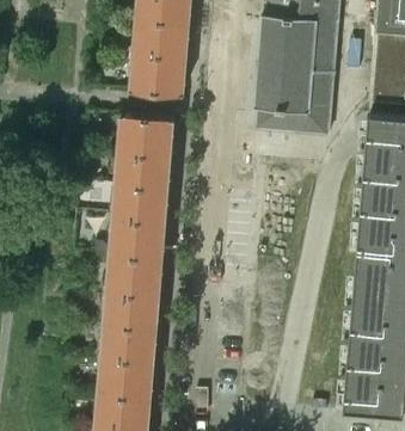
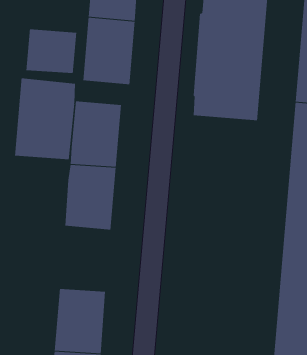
building: none -> [26,28,77,74]
building: none -> [15,77,76,160]
building: [103,255,161,330] -> none

